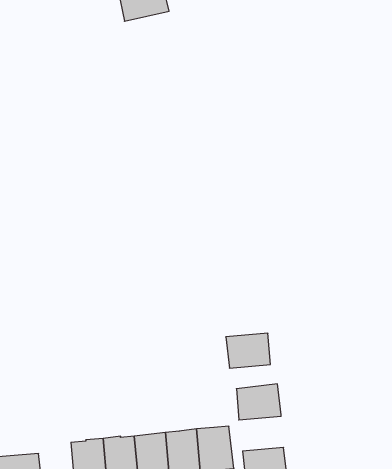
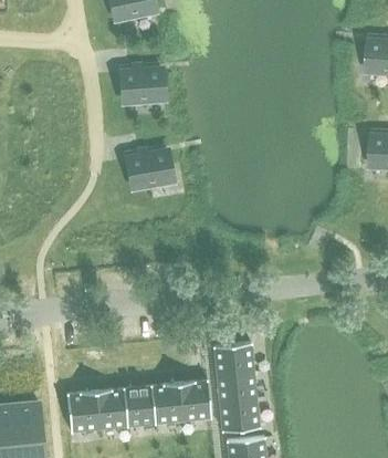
building: none -> [120,71,162,104]
building: none -> [126,153,171,189]
building: [226,333,270,368] -> [214,372,254,403]

